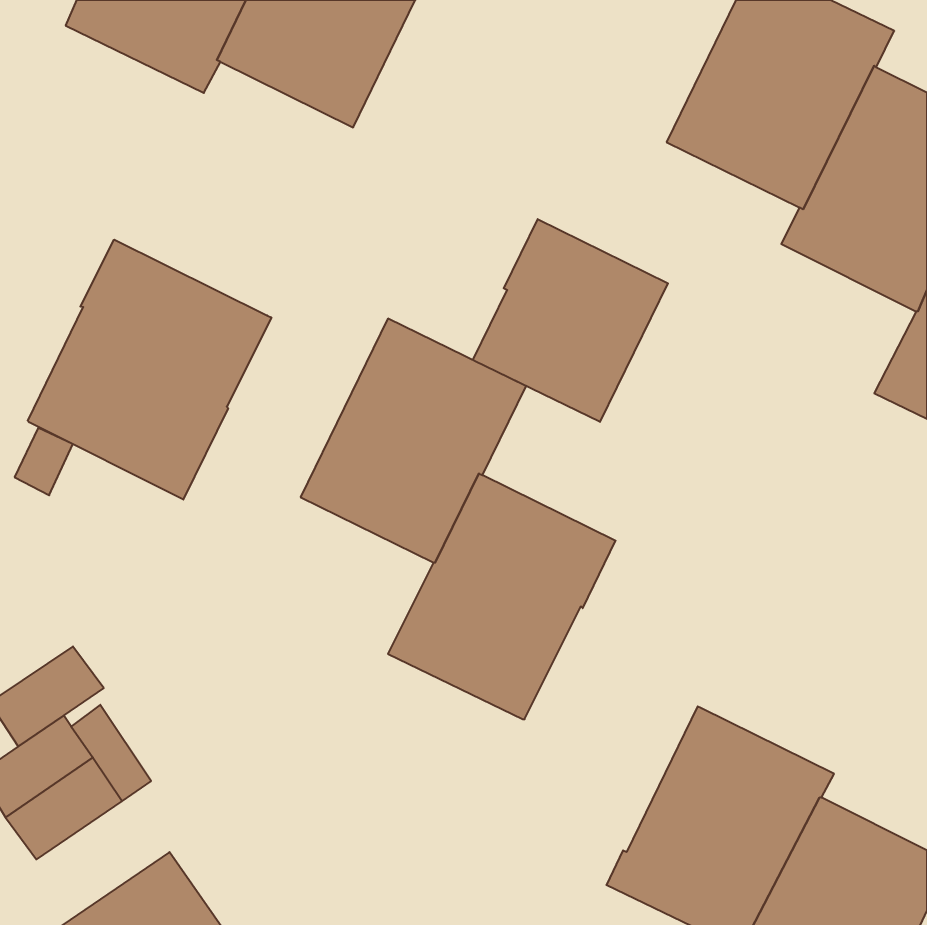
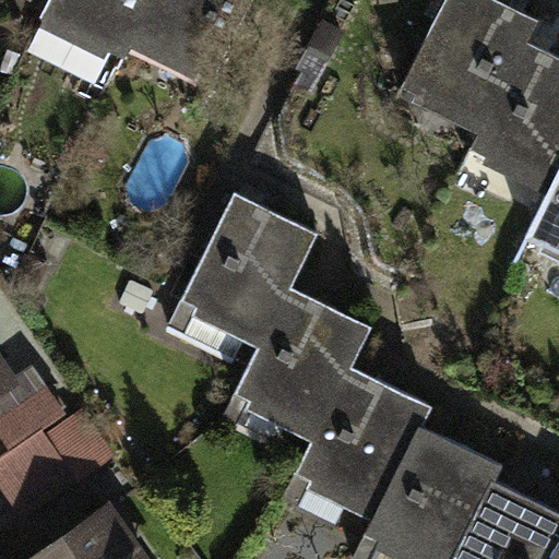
building: [473,219,668,422] -> none
building: [28,240,271,500] -> none
building: none -> [294,367,430,514]

